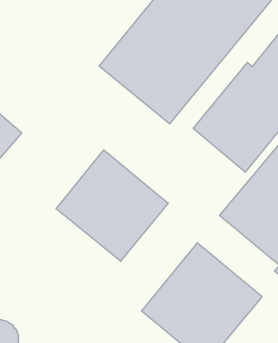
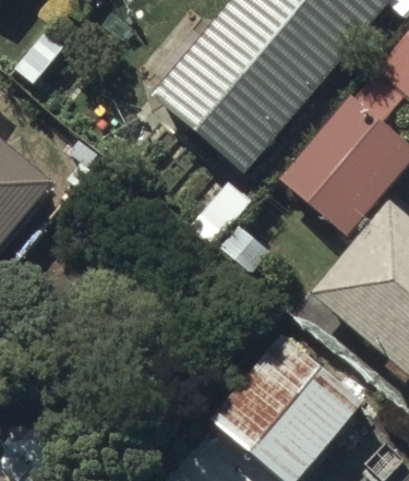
building: [56,150,168,261] -> none

